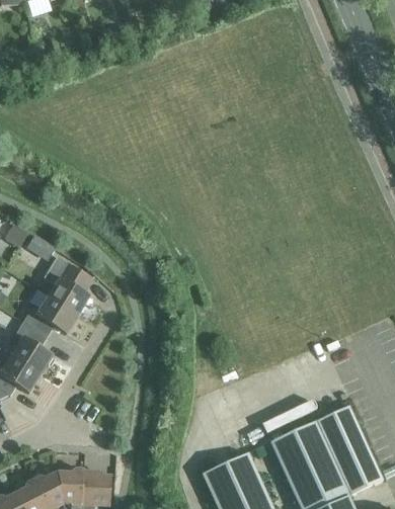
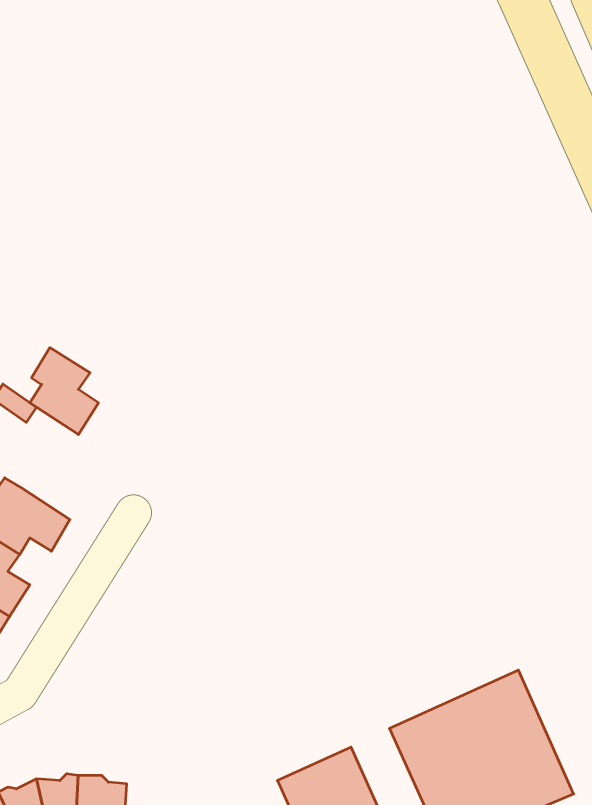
building: [48,262,89,315] -> [30,348,98,435]

